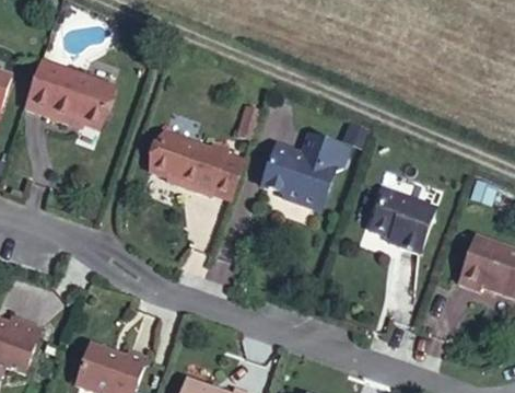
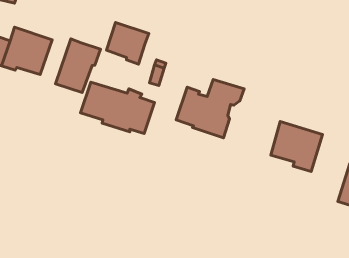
building: none -> [107,22,149,64]
building: none -> [56,39,101,93]

